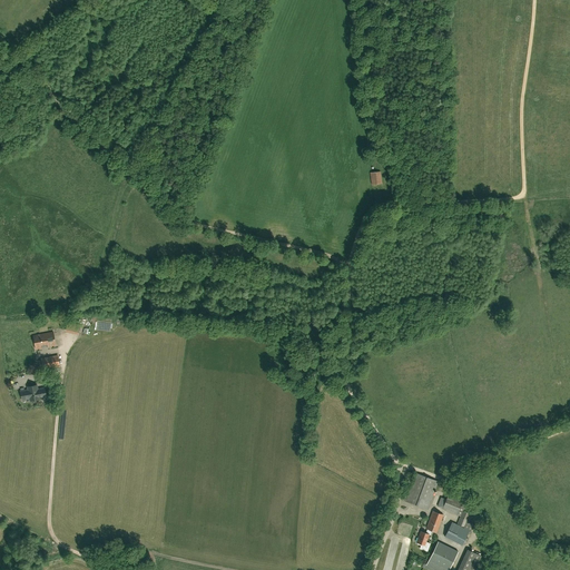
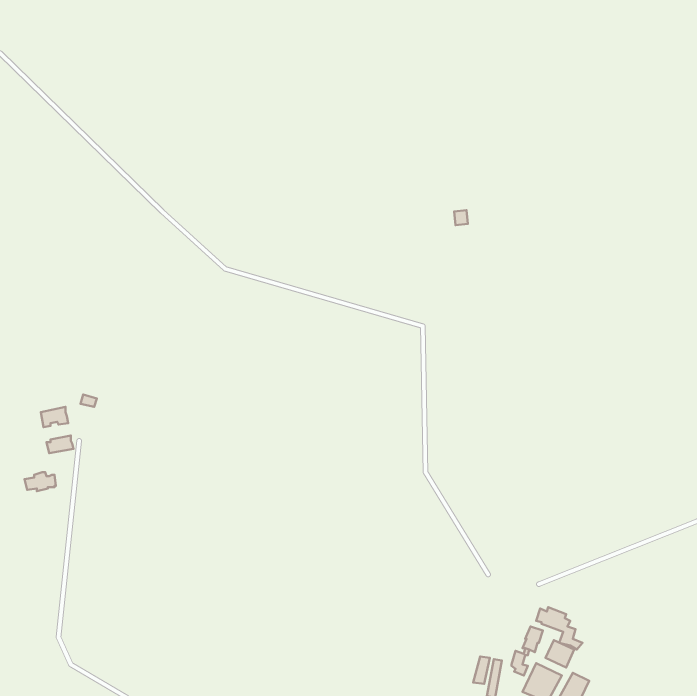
building: [405,474,438,510] -> none

